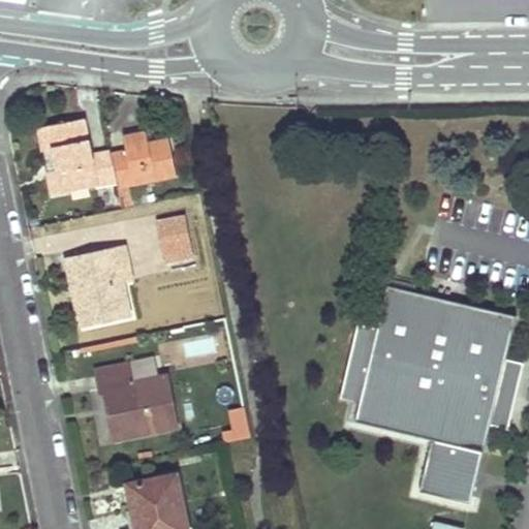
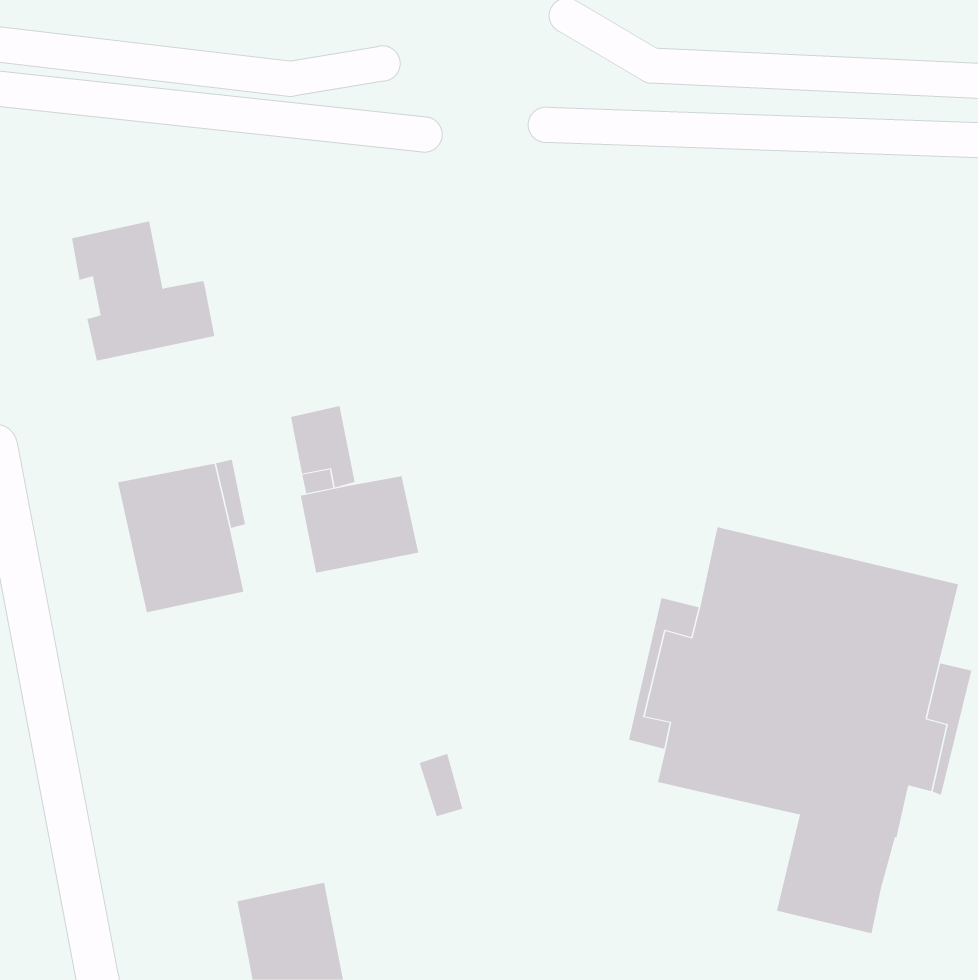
building: [111,133,176,190] -> none
building: none -> [300,476,419,573]
building: [96,364,175,439] -> none

